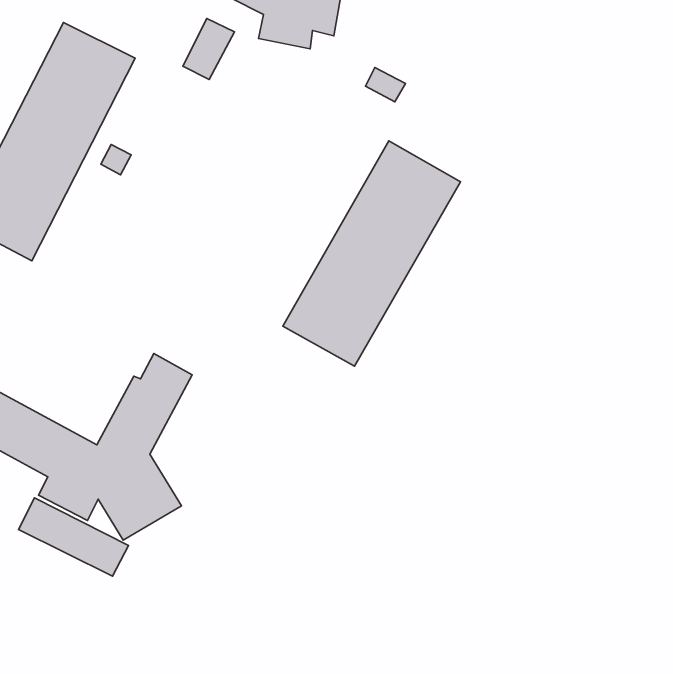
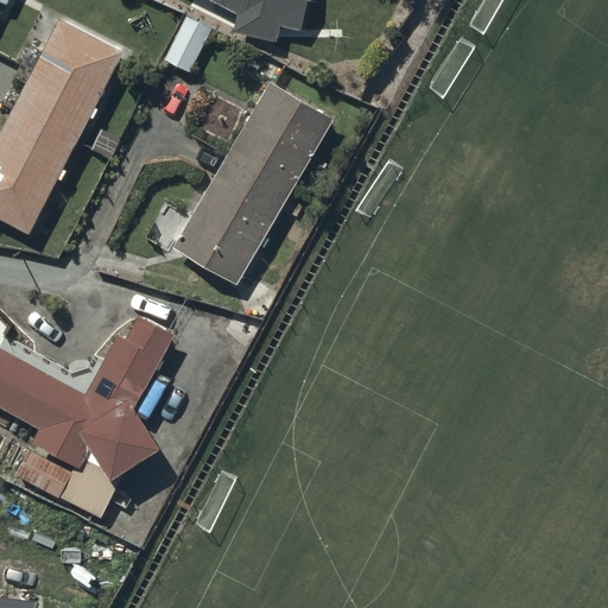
building: [283,141,461,366] -> [173,82,332,284]

